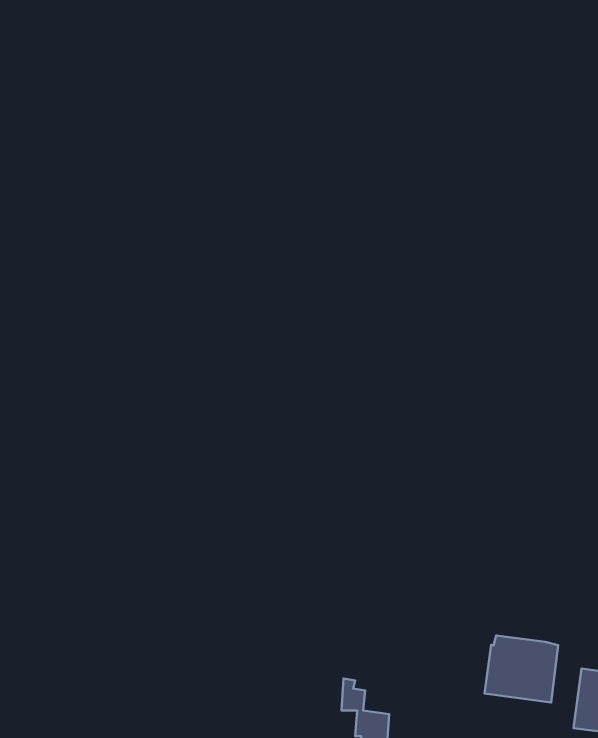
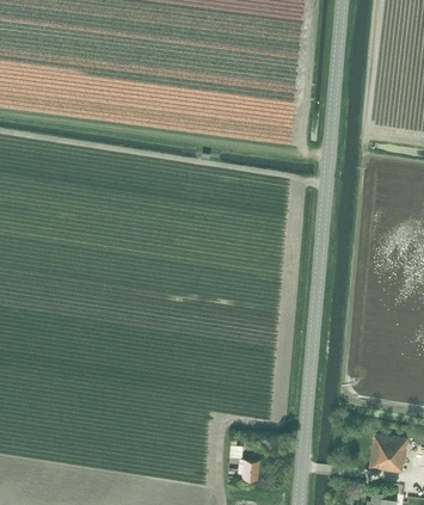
building: [484,636,558,702] -> none

